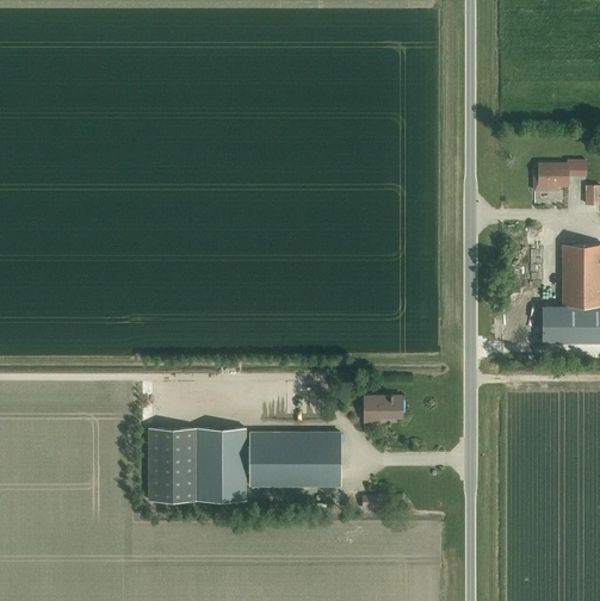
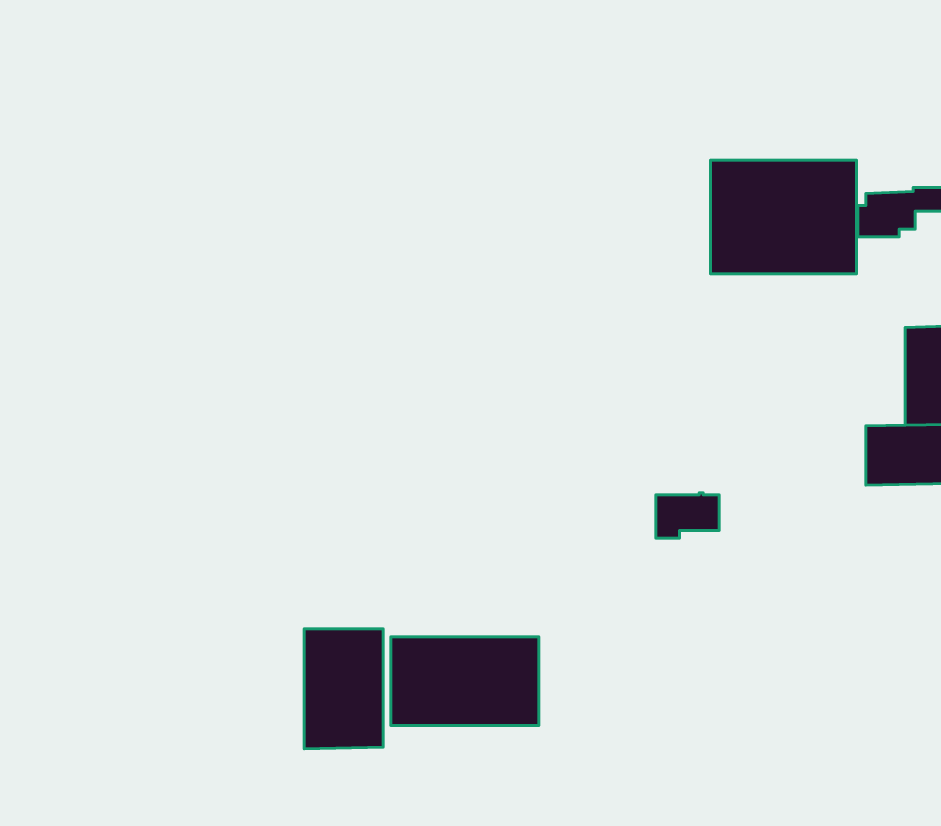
building: none -> [711,160,856,274]
building: [364,395,402,422] -> [656,493,719,538]
building: [148,428,198,501] -> none

